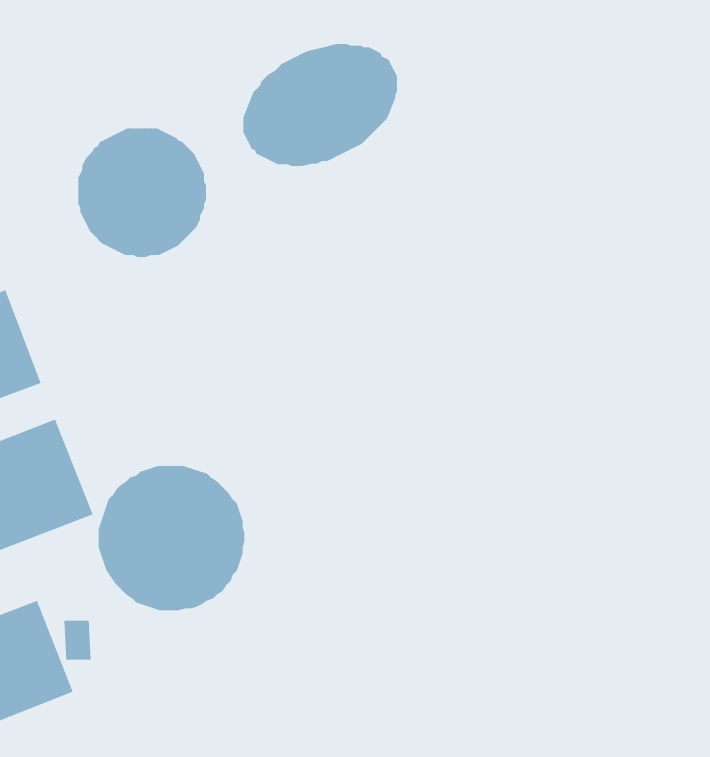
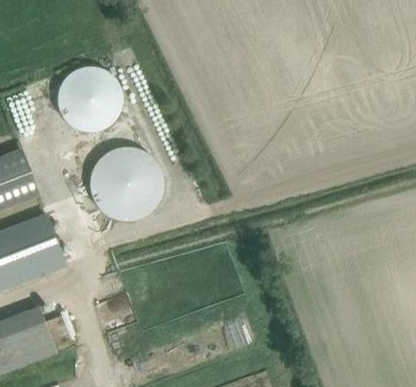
building: [243,43,397,167] -> none
building: [98,465,245,611] -> [88,147,162,221]

